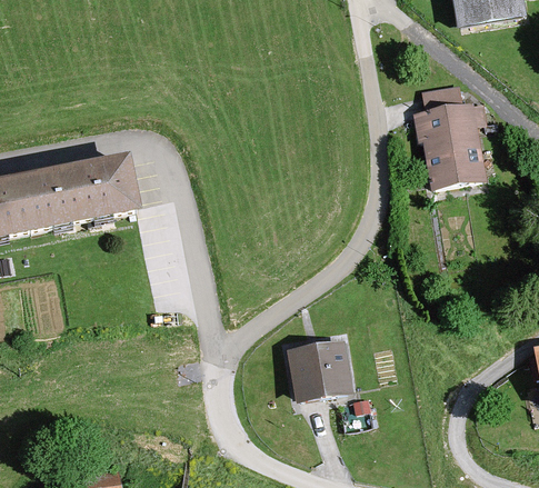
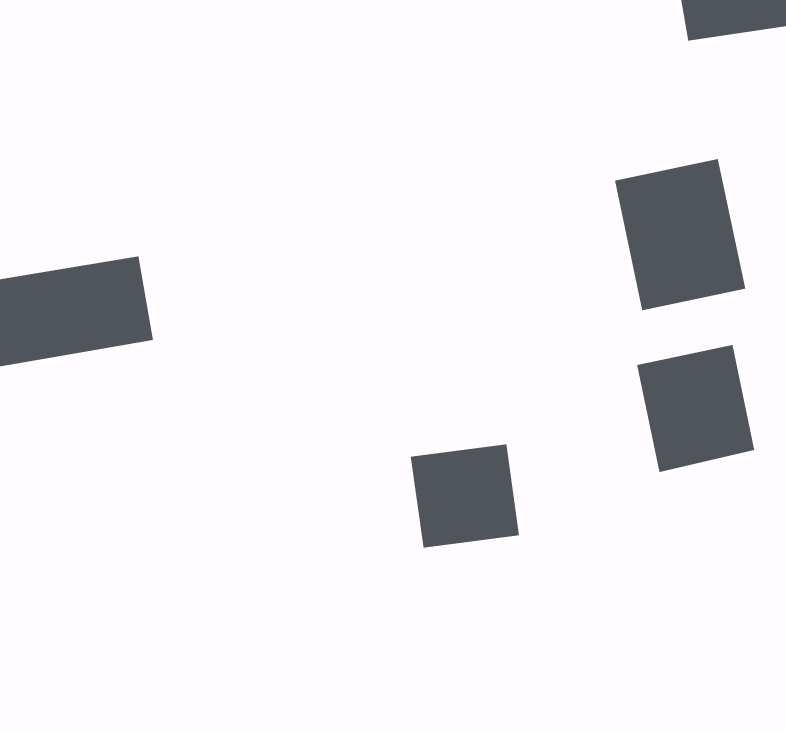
building: none -> [636,344,755,473]
building: [287,339,353,402] -> [410,444,520,548]

